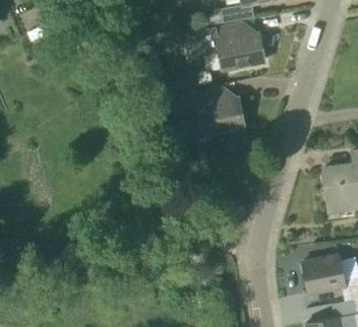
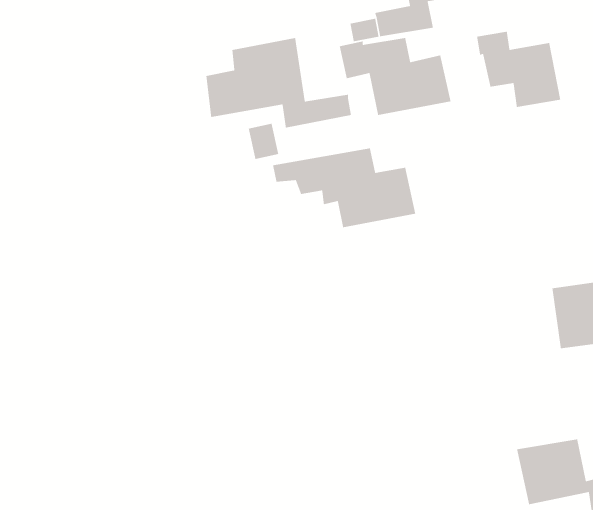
building: none -> [476,31,561,108]
building: none -> [206,37,352,129]

